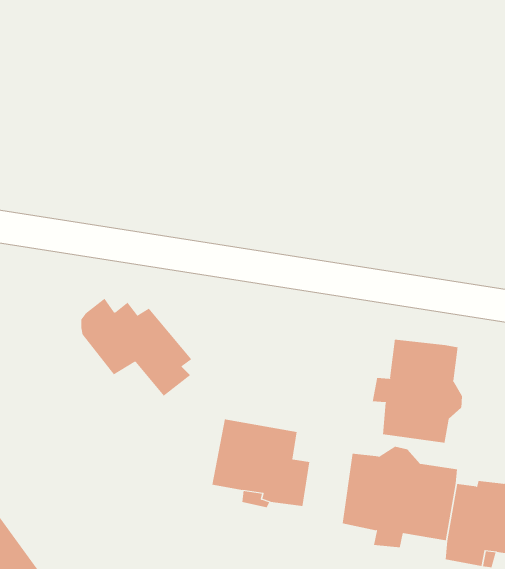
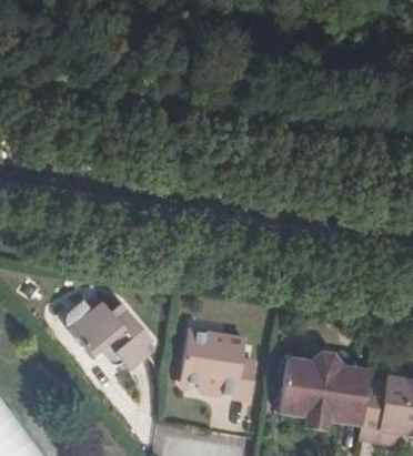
building: [80,298,192,397] -> [68,302,154,378]
building: [372,339,463,444] -> none

